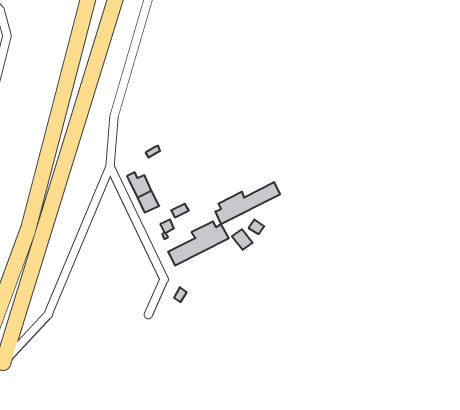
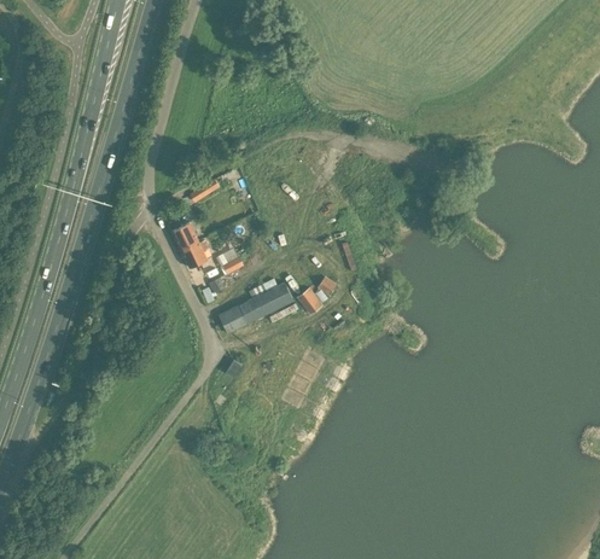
building: [215,182,280,224] -> none

